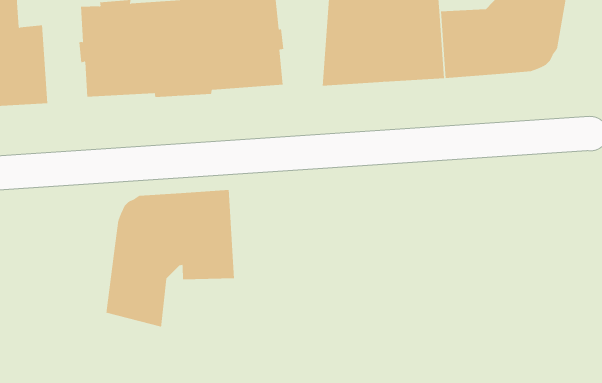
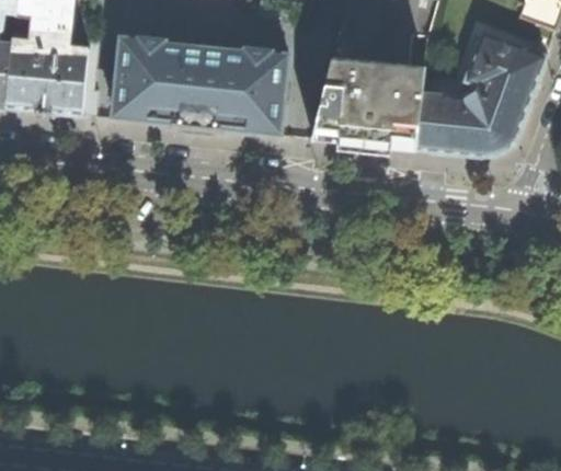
building: [106,189,235,328] -> none

